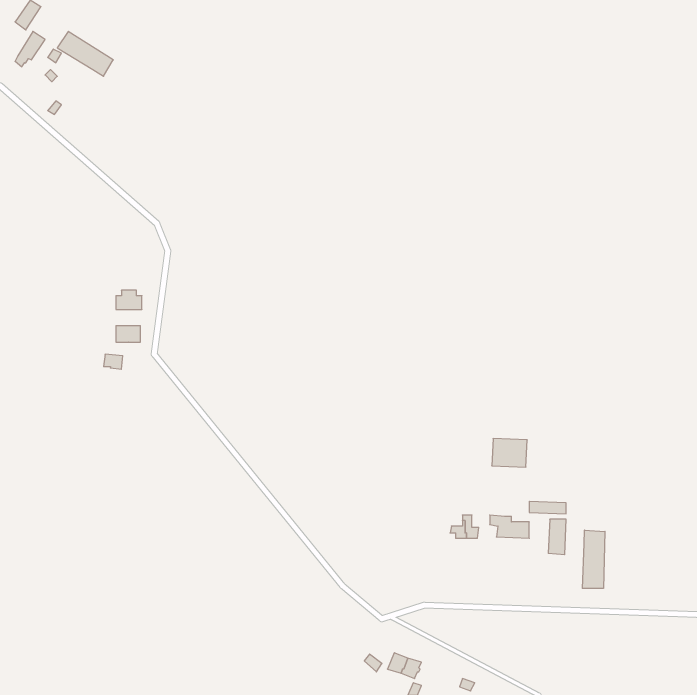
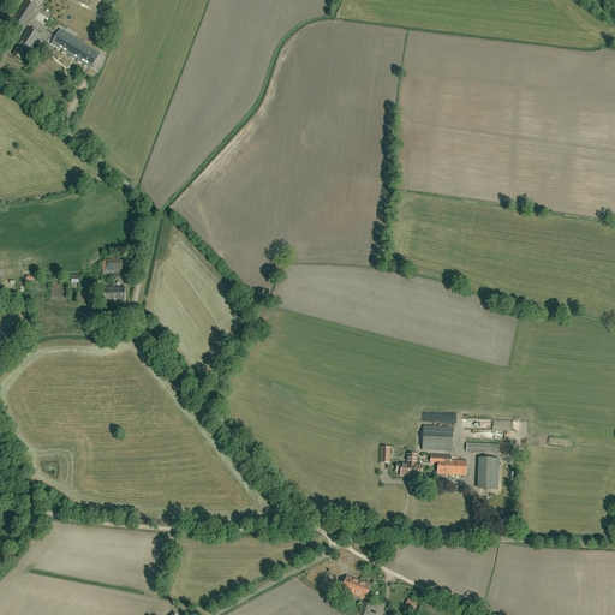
building: [492,439,527,467] -> [422,425,453,450]
building: [582,530,605,588] -> none

